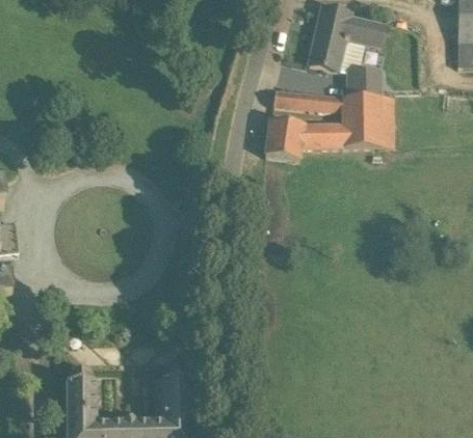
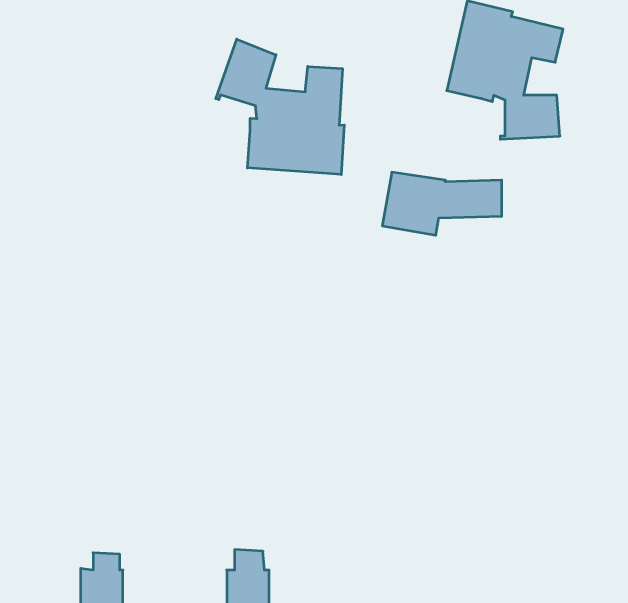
building: none -> [216,39,344,175]
building: [272,89,395,146] -> none

